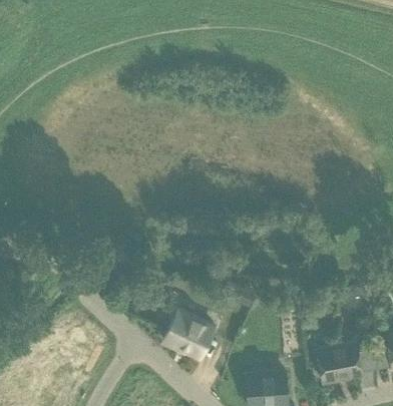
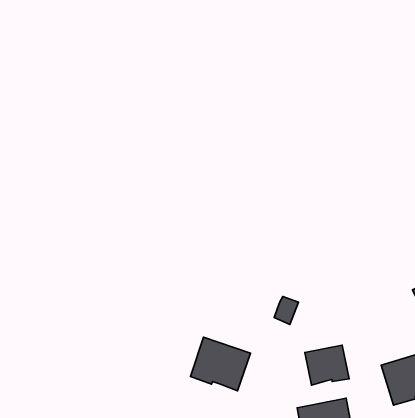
building: none -> [305,345,349,385]

